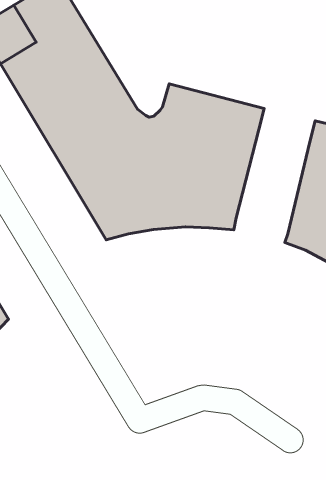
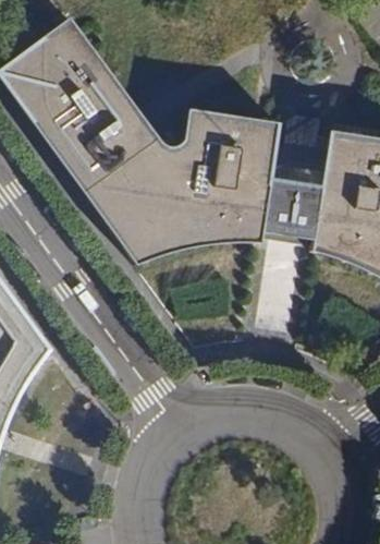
building: none -> [262,116,327,243]

